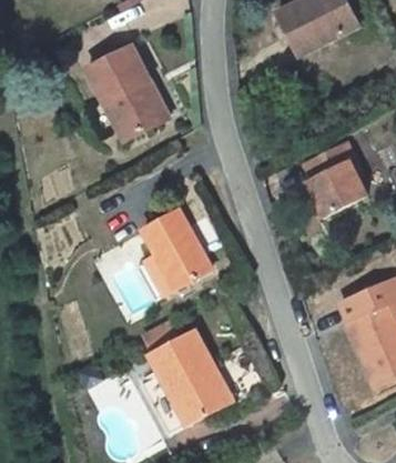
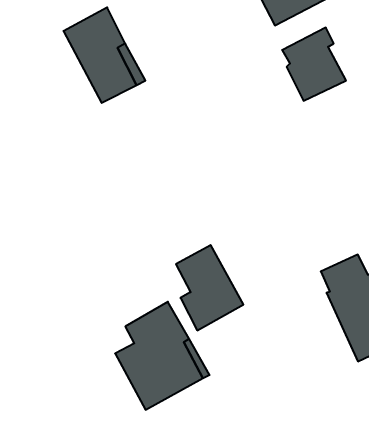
building: [304,143,367,215] -> [282,28,346,101]
building: [142,207,209,291] -> [176,245,243,330]

